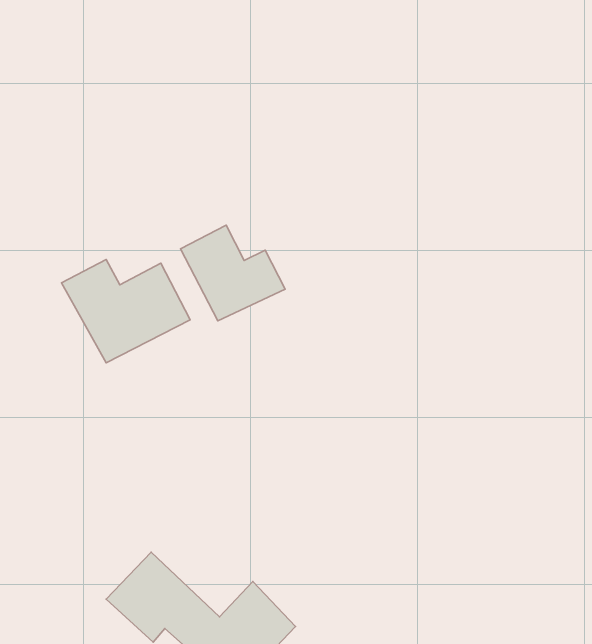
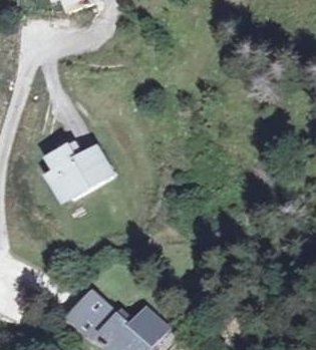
building: [180,225,285,321] -> none

